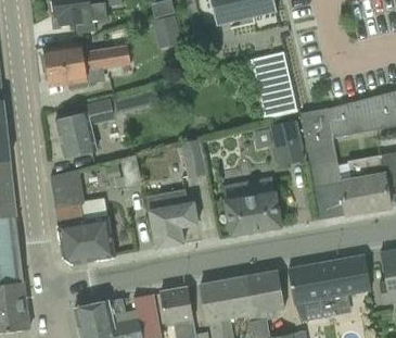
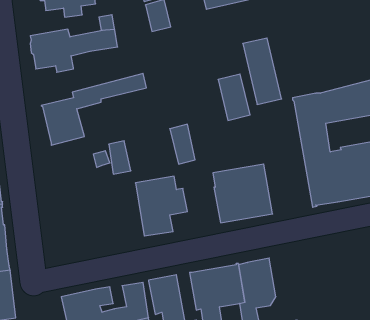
building: [270,120,302,165] -> [218,74,250,120]
building: [50,168,115,264] -> none
building: [288,254,370,320] -> none

